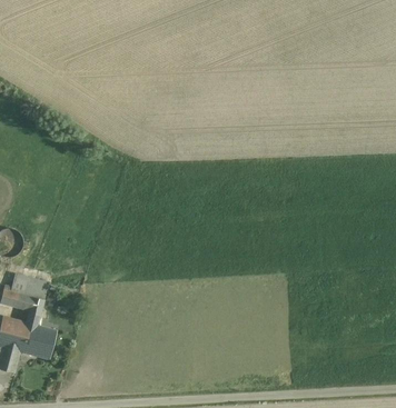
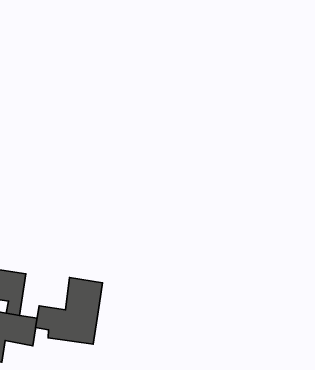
building: none -> [36,277,103,344]

